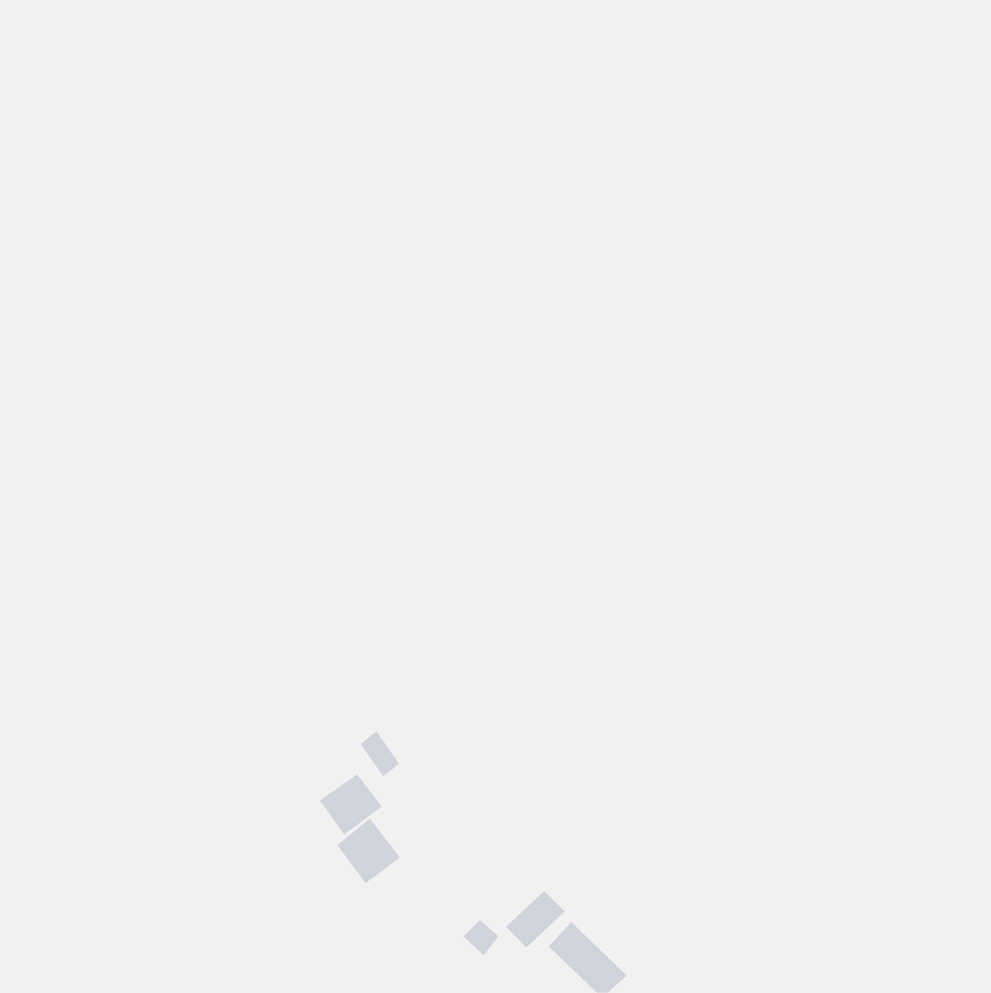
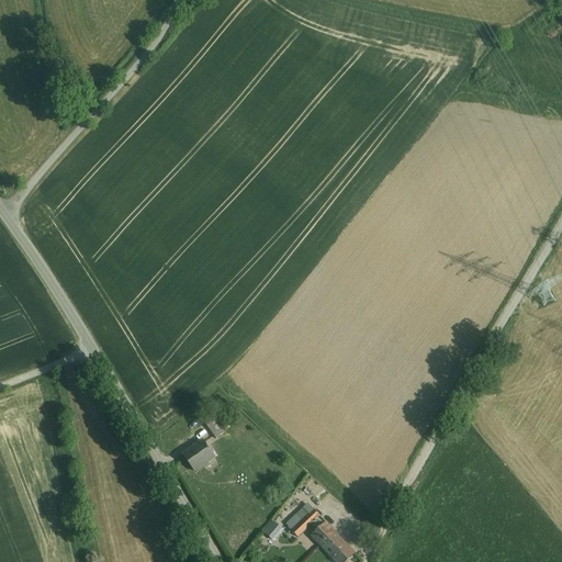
building: [337,818,401,884] -> none

